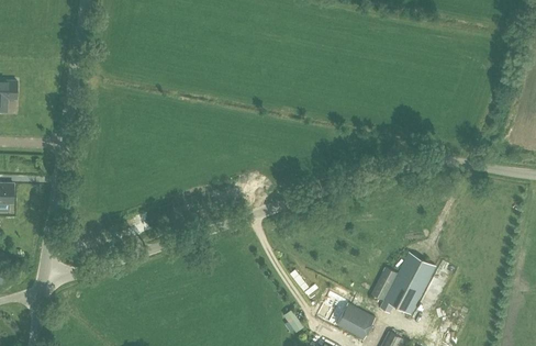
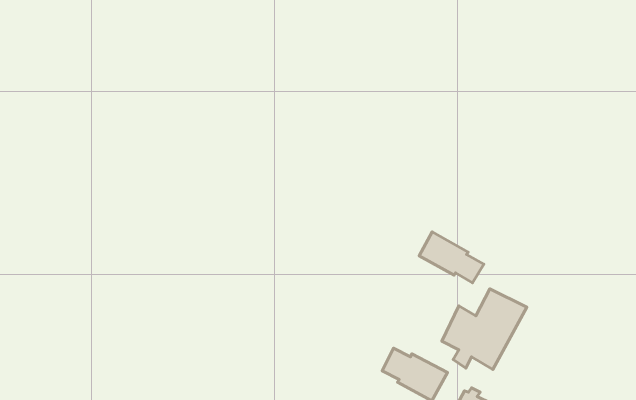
building: none -> [419,232,484,283]

